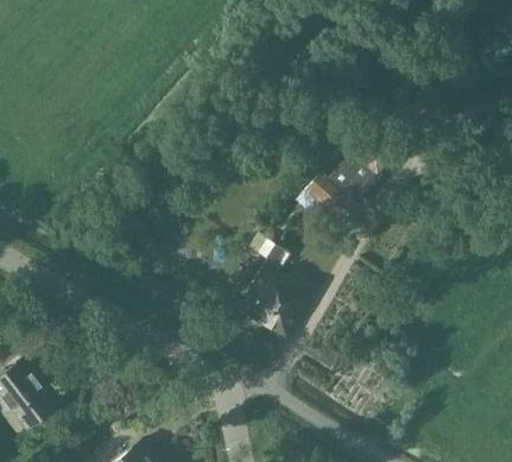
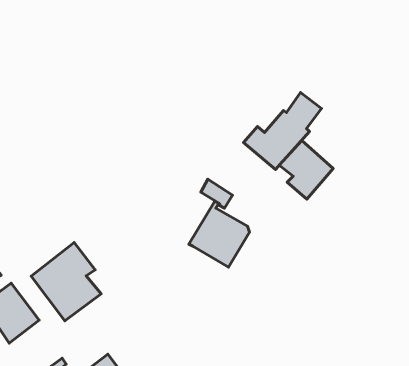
building: none -> [279,140,333,199]
building: none -> [31,242,101,321]

